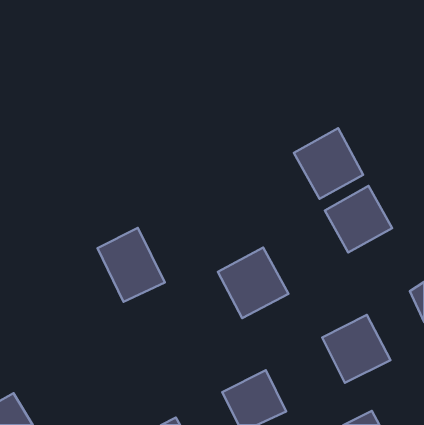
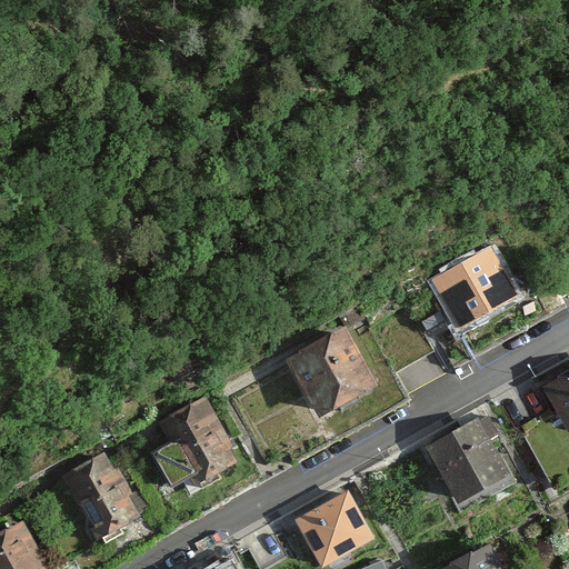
building: [294,128,363,199] -> none
building: [97,228,165,302] -> [150,393,239,491]
building: none -> [58,449,147,543]

